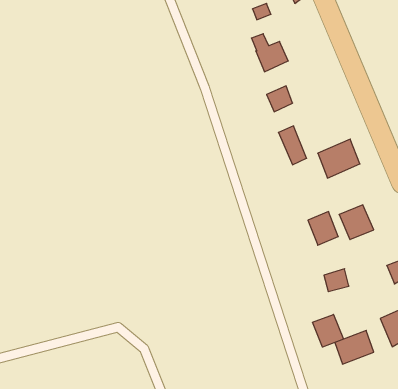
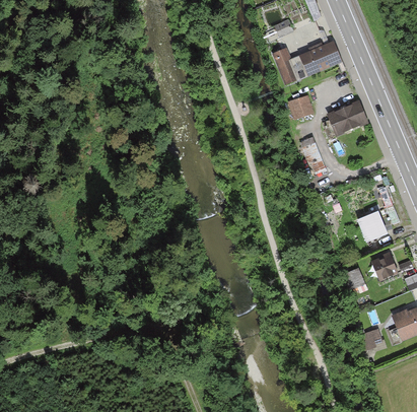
building: none -> [299,42,340,74]
building: [318,139,360,178] -> [330,101,369,138]
building: [308,212,338,245] -> [371,251,400,282]
building: [313,314,343,347] -> none

